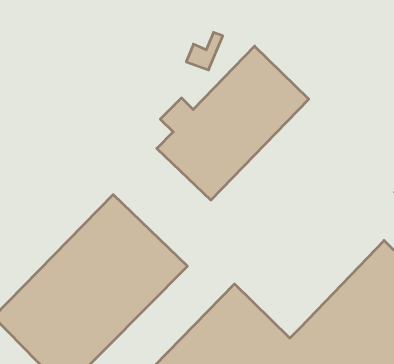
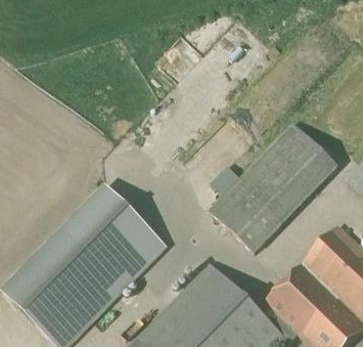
building: [157,46,309,200] -> [207,121,338,255]

